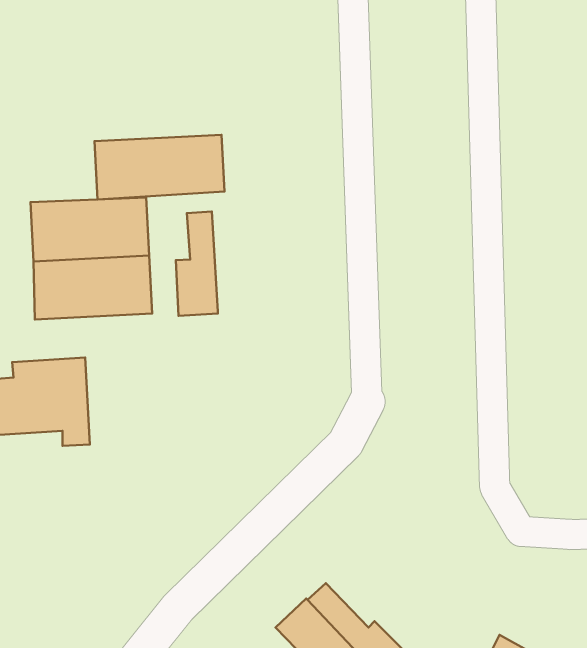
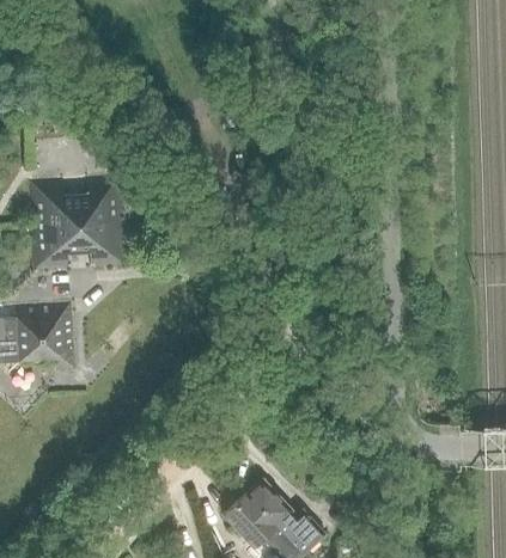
building: [95,135,224,200] -> none
building: [176,211,218,316] -> none

